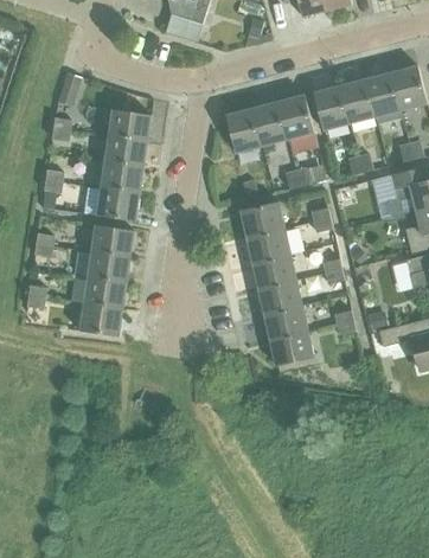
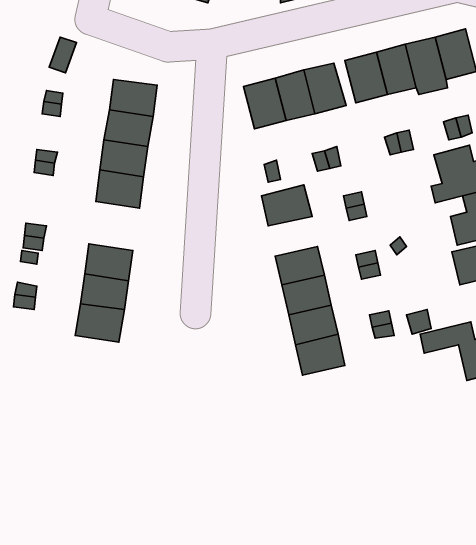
building: [91,224,134,257] -> none
building: [246,227,289,262] -> none

